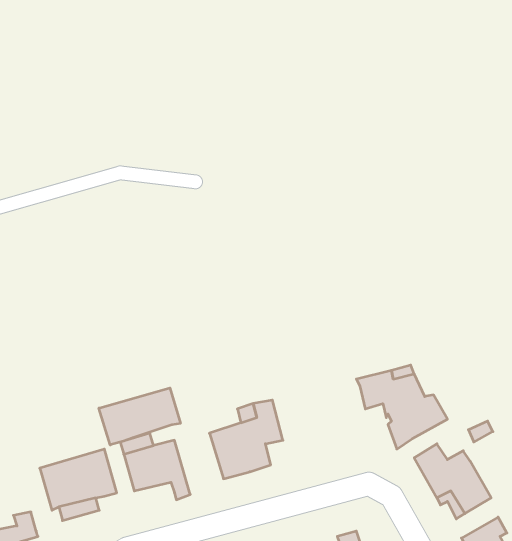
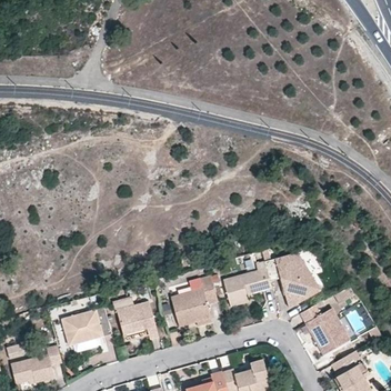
building: none -> [223,267,272,305]
building: [99,388,180,445] -> none

